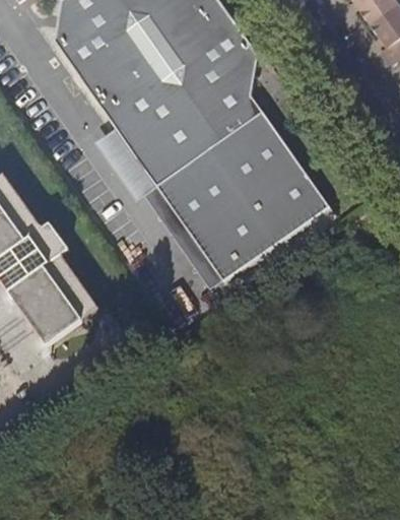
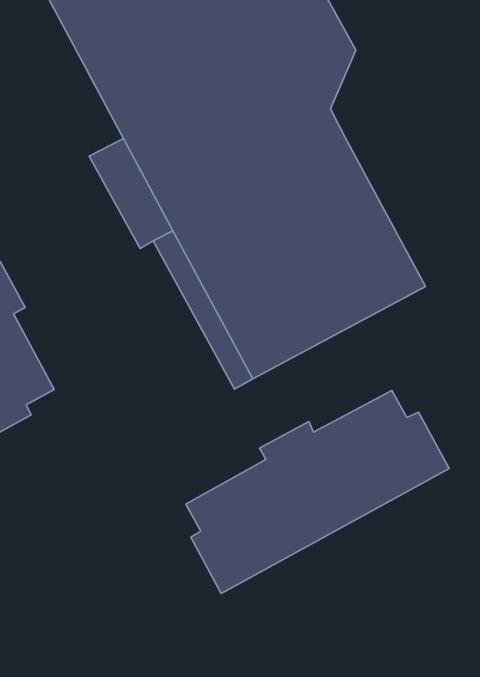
building: none -> [186,390,449,594]

